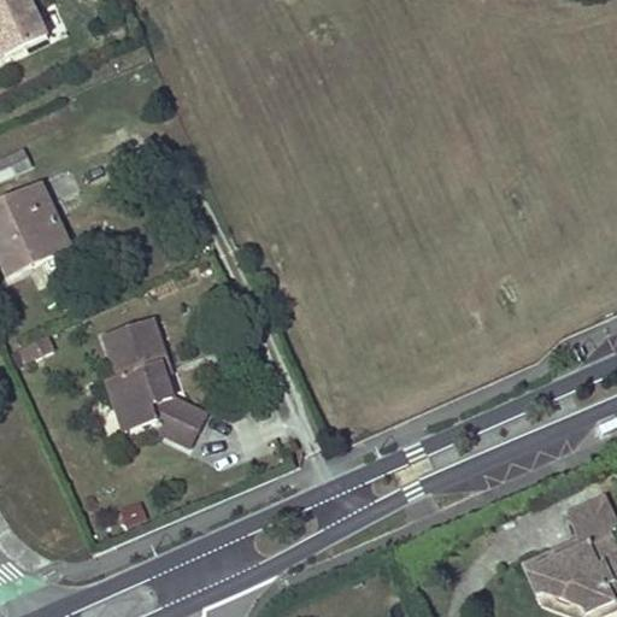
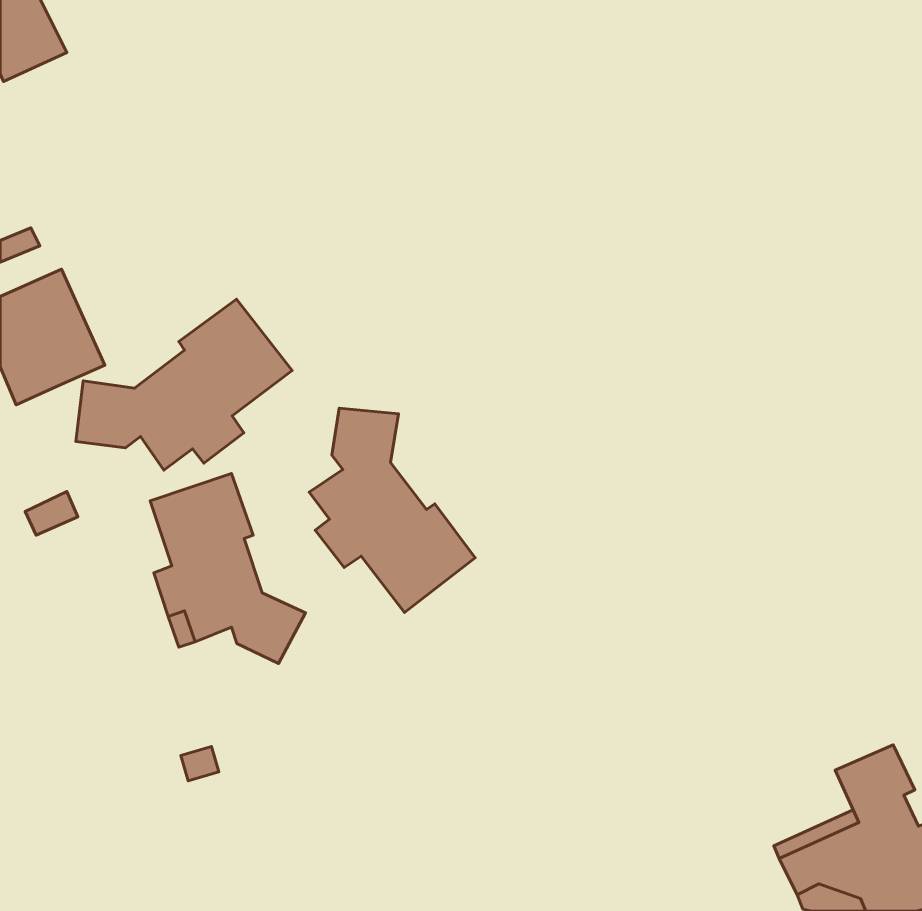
building: none -> [76,299,292,470]
building: none -> [309,408,475,612]

